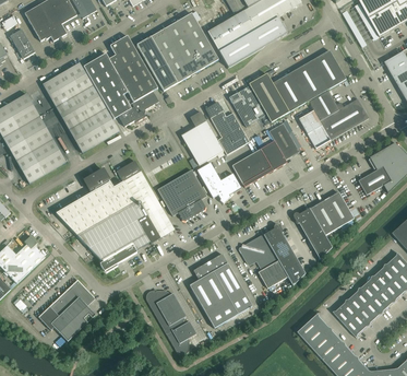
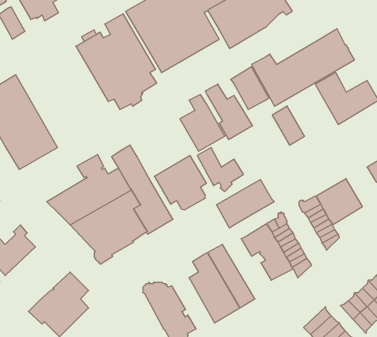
building: [43,62,119,152] -> none
building: [299,110,331,148] -> none
building: [232,141,287,187] -> [216,180,274,228]

